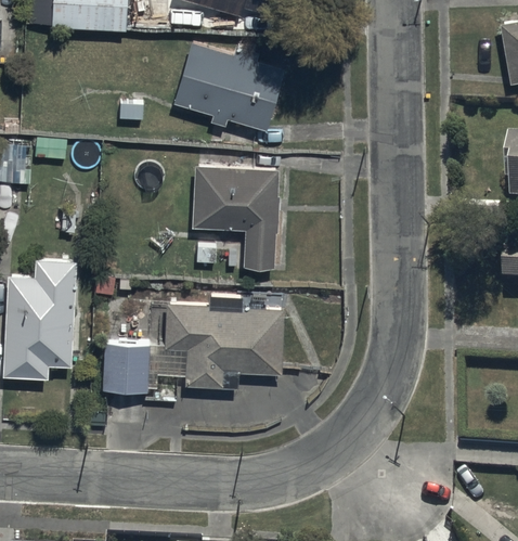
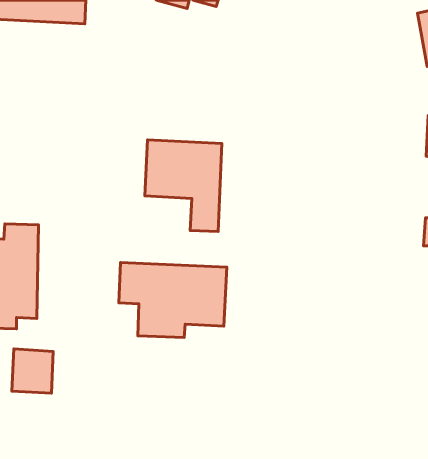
building: [172,42,283,131] -> none
building: [102,343,148,392] -> [12,349,53,393]

